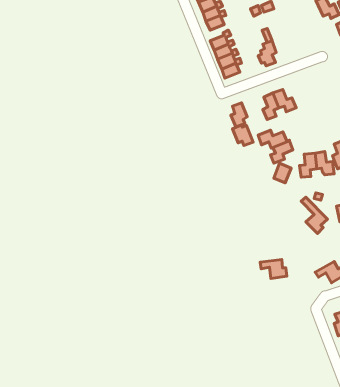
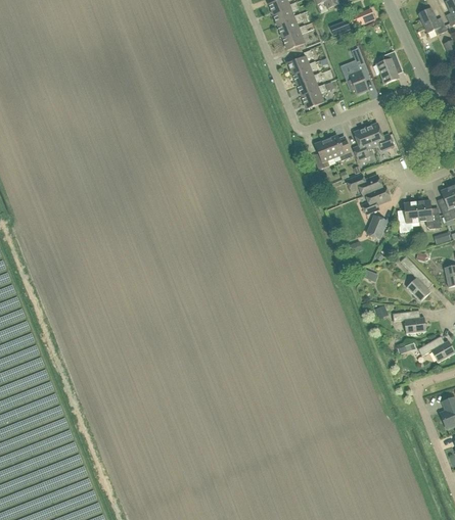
building: none -> [373,50,399,83]
building: [232,125,253,145] -> [326,134,352,159]
building: [260,260,287,279] -> [393,310,425,333]

